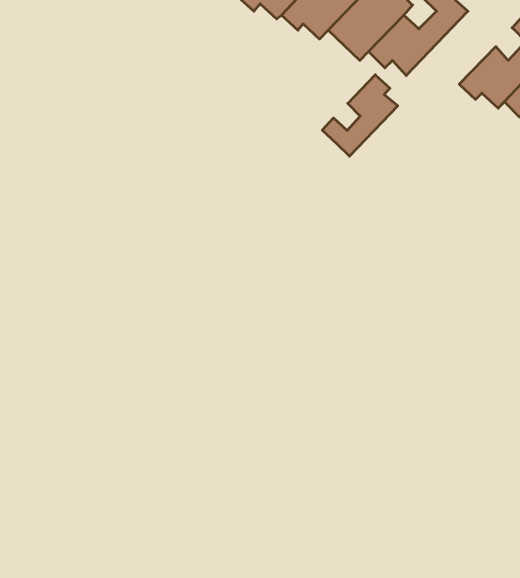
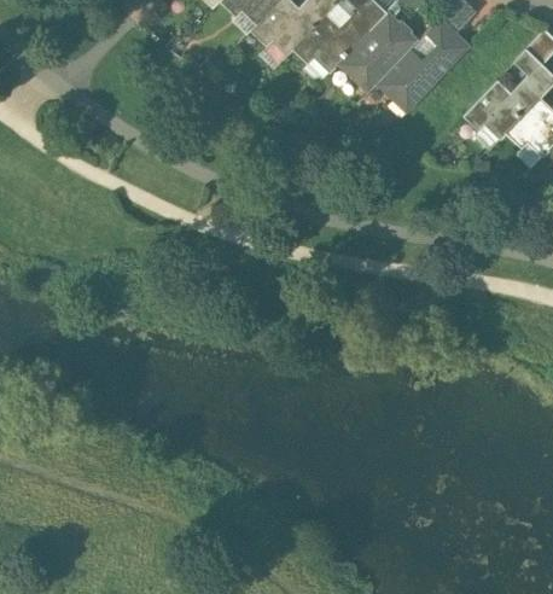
building: [322,75,398,156] -> none

